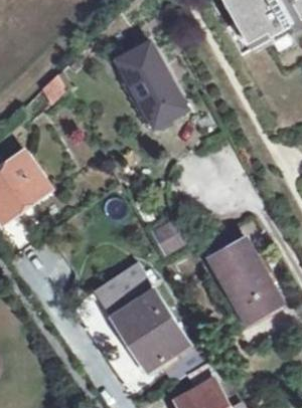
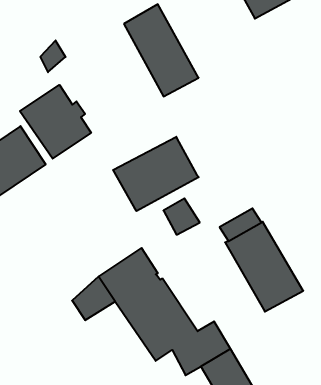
building: none -> [20,85,91,159]
building: none -> [113,137,199,211]

